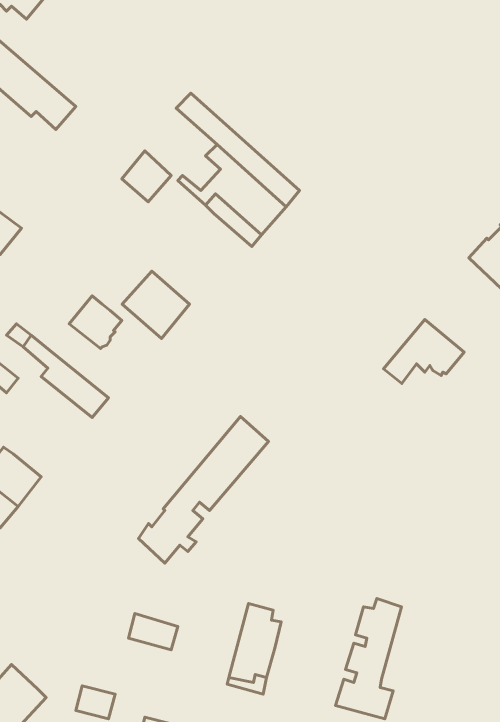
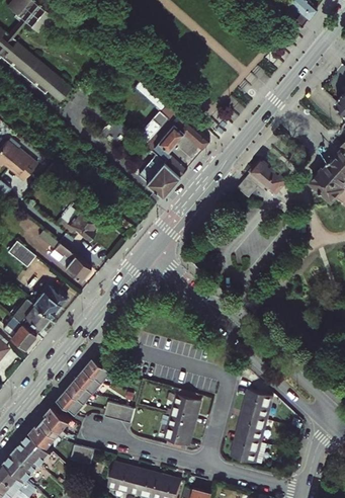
building: [122,271,190,339] -> [138,155,179,196]
building: [384,319,464,384] -> [237,159,286,198]
building: [139,417,269,563] -> [31,357,111,447]
building: none -> [32,284,66,317]

